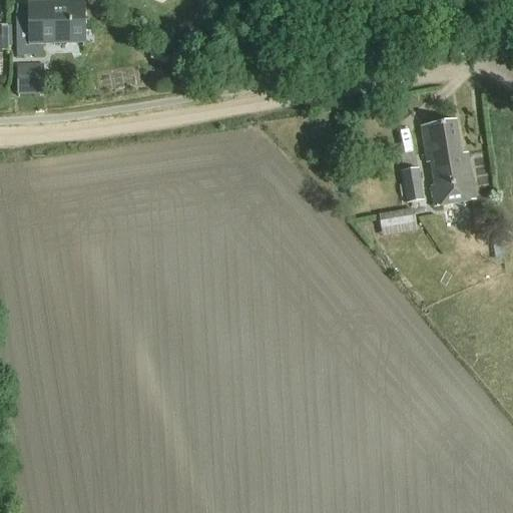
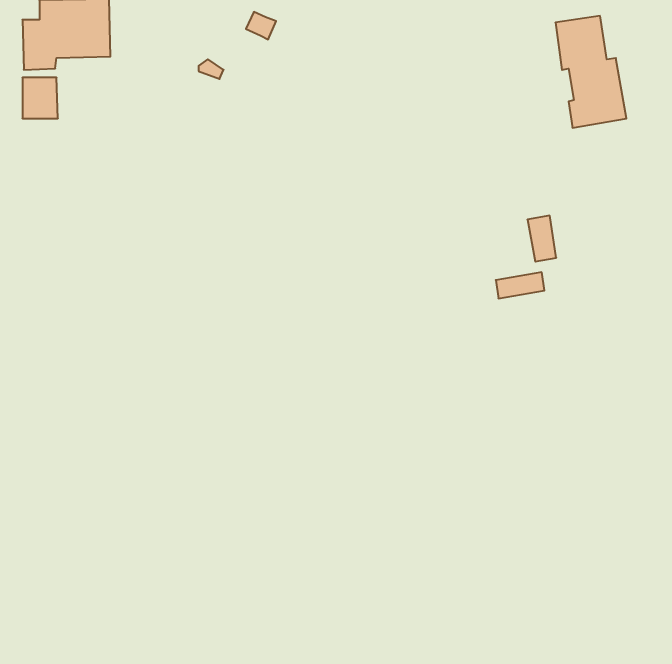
building: [422,117,476,202] -> [555,16,626,128]

